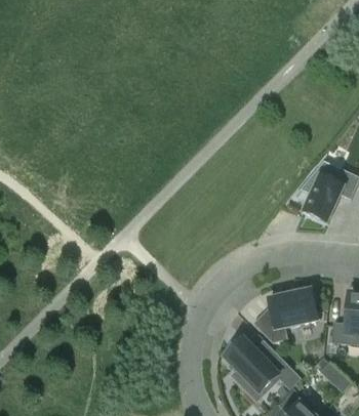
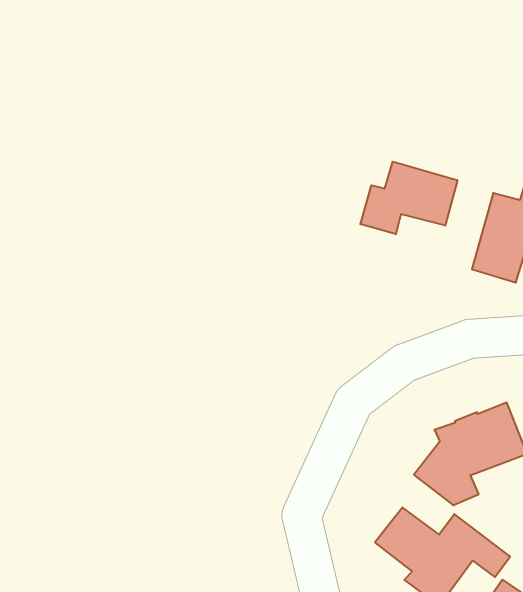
building: none -> [360,162,457,234]

